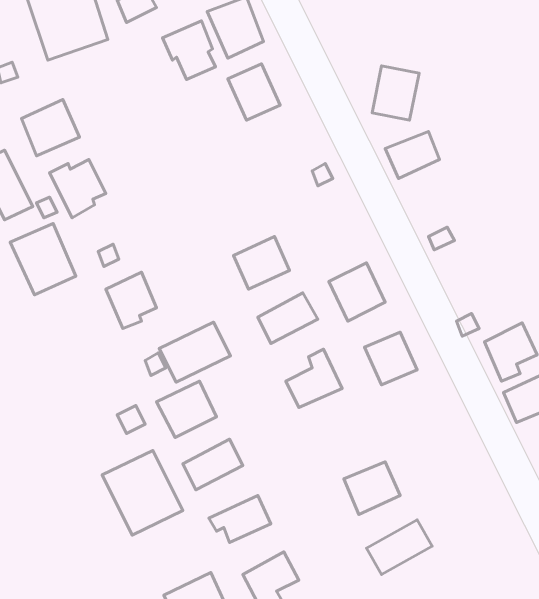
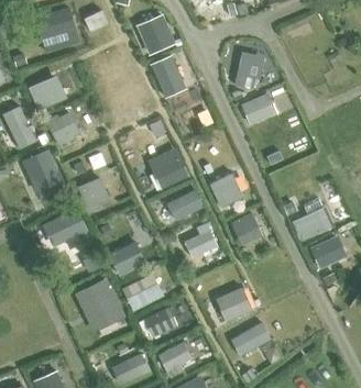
building: [163,21,216,80] -> none
building: [159,322,230,382] -> [45,210,87,245]

